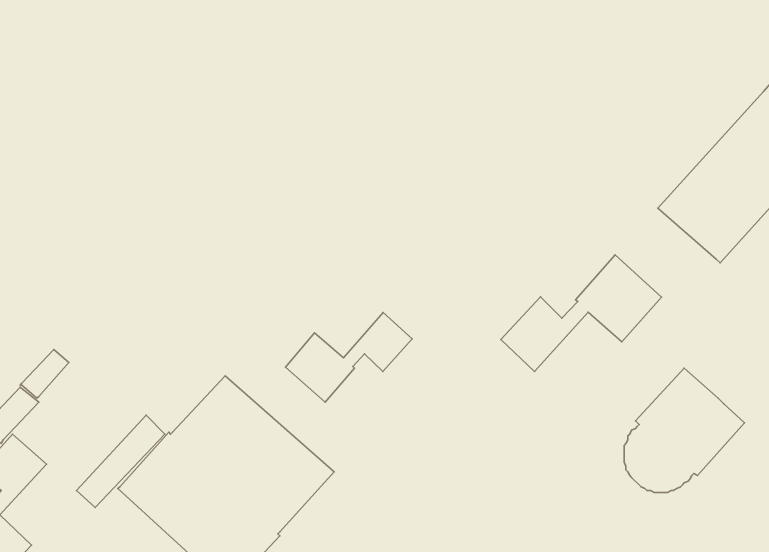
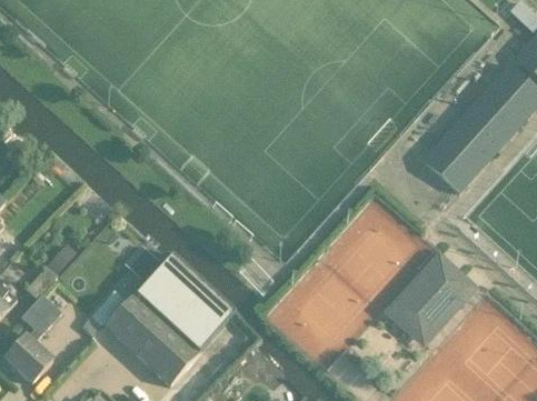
building: [501,255,662,371] -> none
building: [285,312,412,402] -> none

